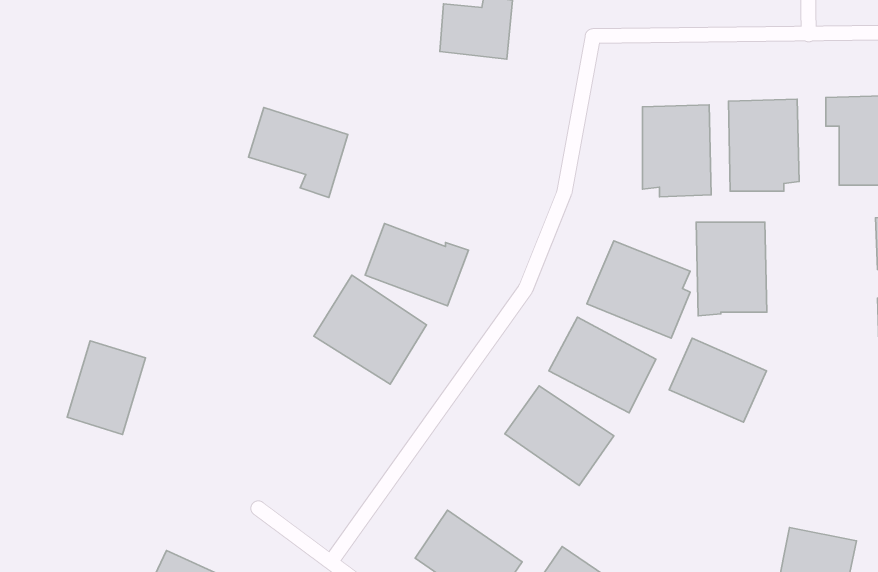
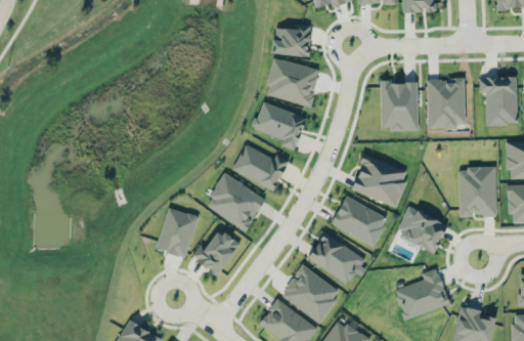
building: none -> [266,58,319,106]
building: [249,108,348,197] -> [253,102,306,151]
building: [696,222,767,316] -> [458,168,496,218]
building: [67,341,145,434] -> [156,208,198,258]
building: none -> [191,229,239,275]
building: none -> [280,264,341,323]
building: none -> [394,268,449,319]

